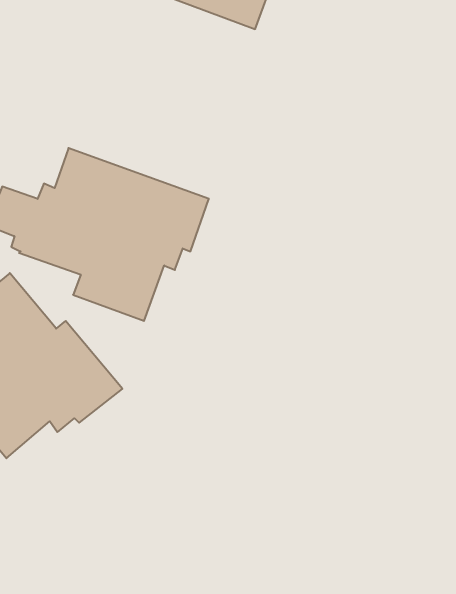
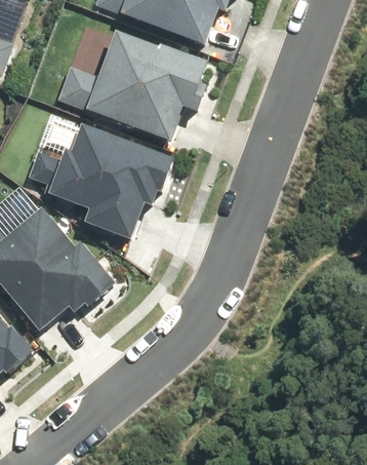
building: none -> [55,30,207,140]

